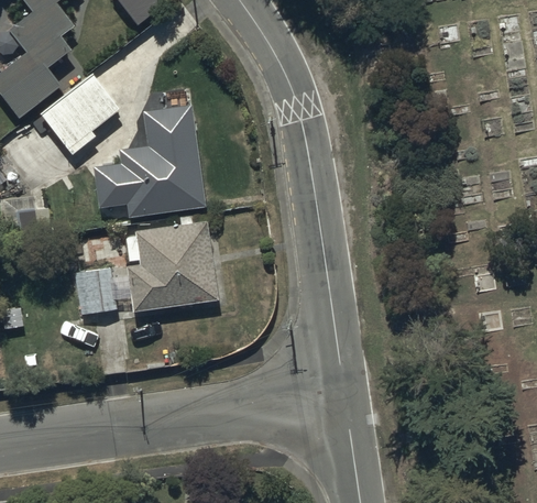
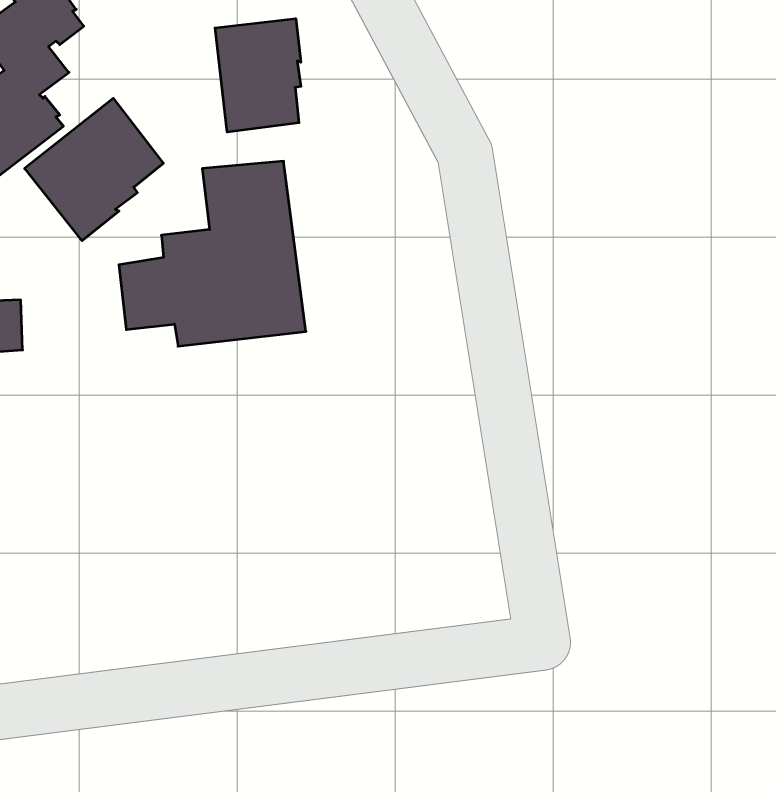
building: none -> [215,19,301,132]
building: [75,215,217,313] -> none

